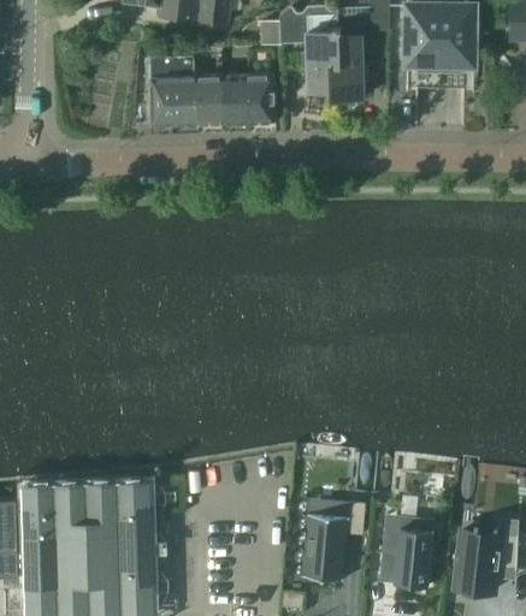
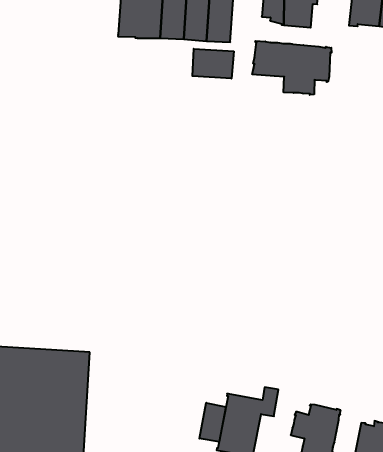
building: none -> [252,41,332,95]
building: none -> [192,49,234,79]
building: none -> [199,403,226,442]

